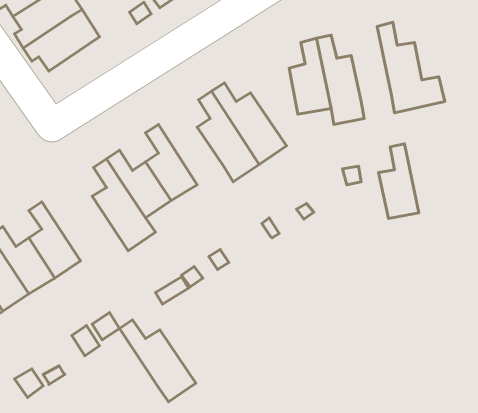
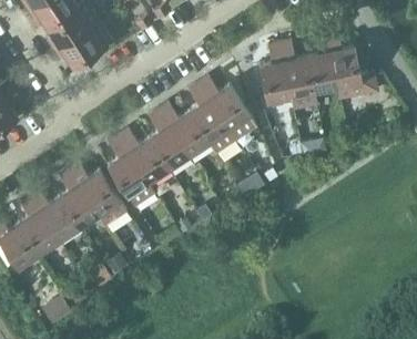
building: none -> [157,104,208,156]
building: [379,144,419,219] -> [306,34,337,92]
building: [119,320,196,402] -> [68,163,126,226]

